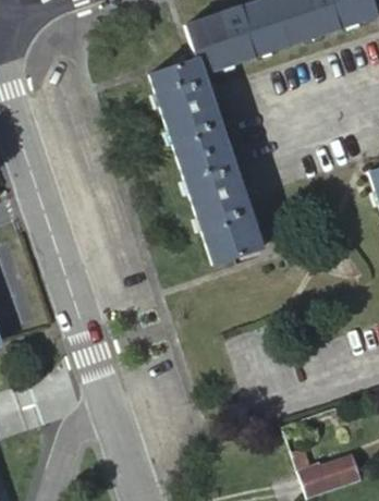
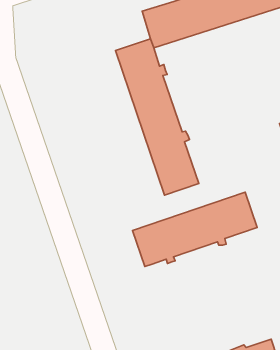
building: none -> [133,192,257,267]

